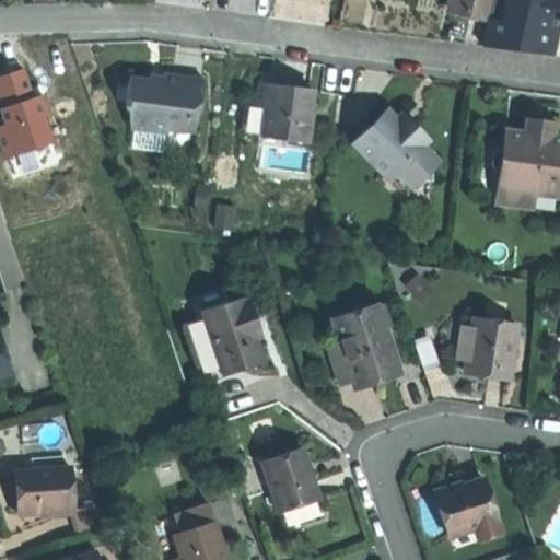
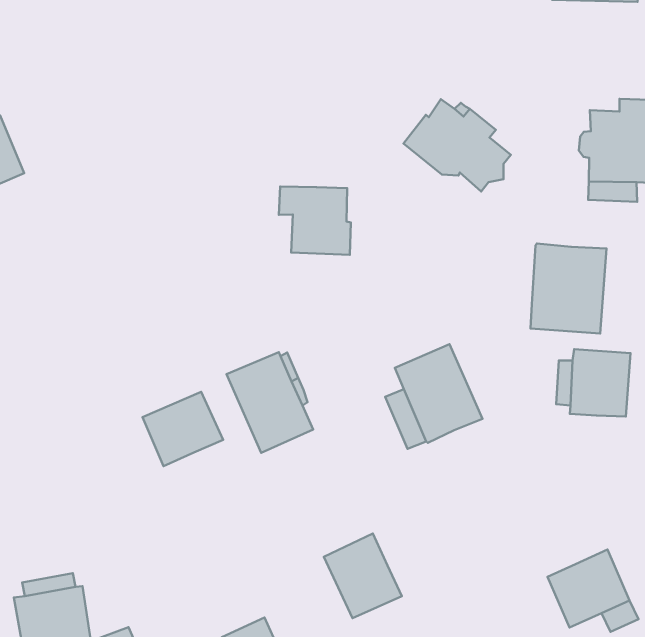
building: [126,74,205,135] -> none
building: [257,85,313,144] -> [279,187,351,255]
building: none -> [530,244,606,333]
building: none -> [142,392,223,466]

